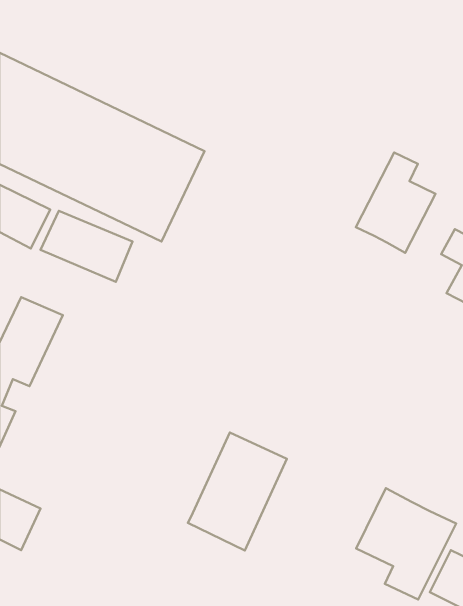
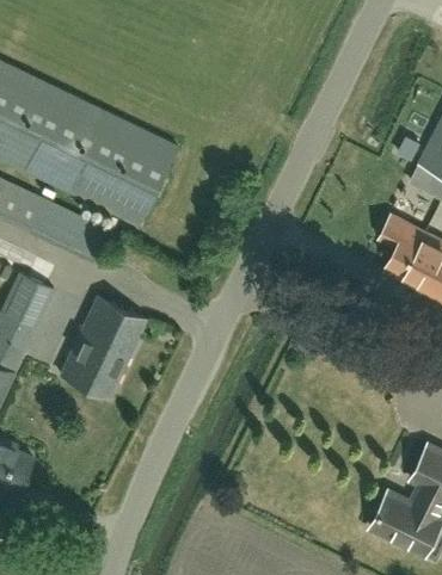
building: [356,152,435,253] -> none
building: [188,432,287,551] -> [62,296,147,397]
building: [356,488,456,600] -> none

